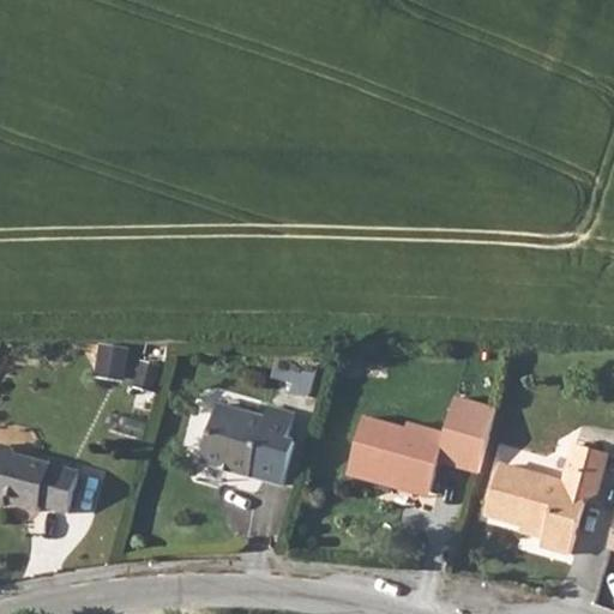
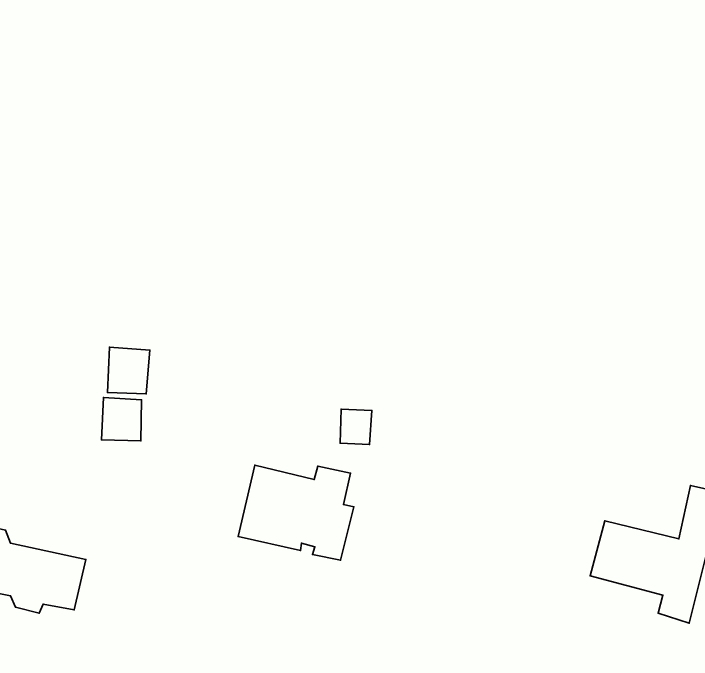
building: none -> [107,347,150,394]
building: [342,392,495,488] -> none

